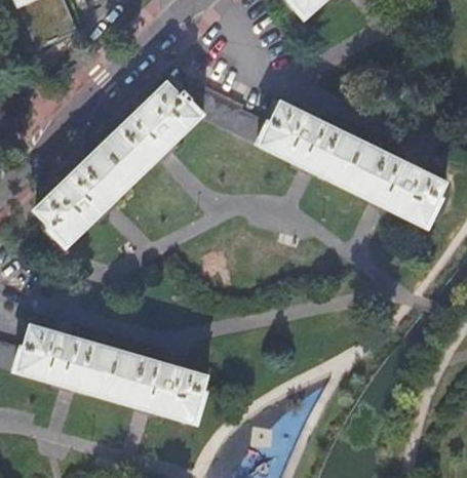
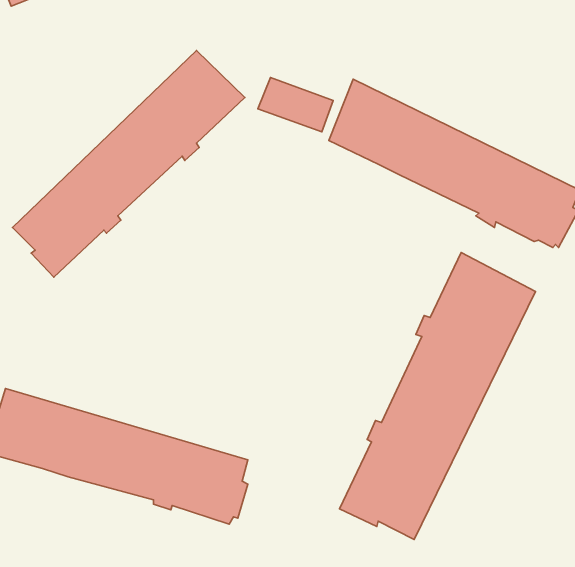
building: none -> [340,252,536,540]

